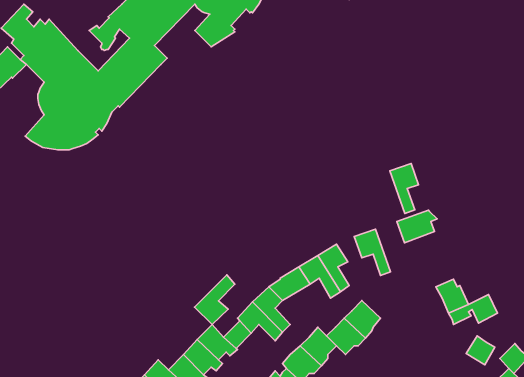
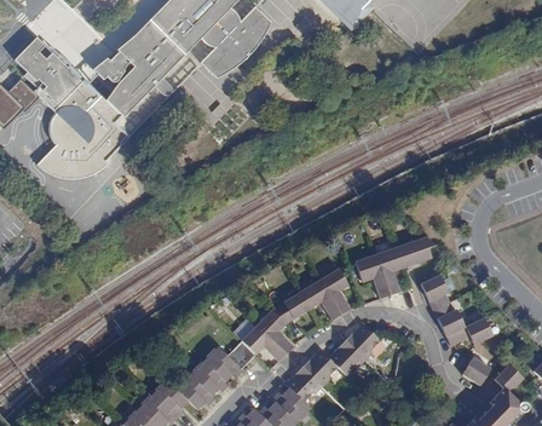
building: [390,163,419,214] -> [375,247,403,295]
building: none -> [421,275,450,310]
building: [195,275,235,325] -> none

